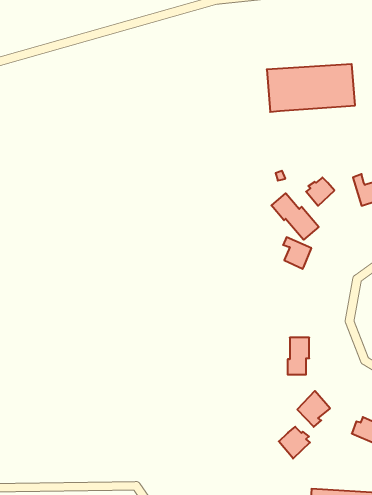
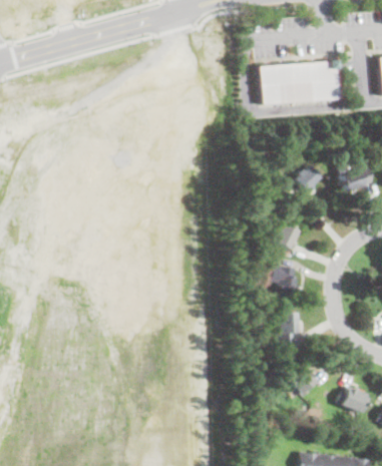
building: [271,193,319,240] -> none
building: none -> [272,266,301,298]
building: [279,427,310,459] -> none

